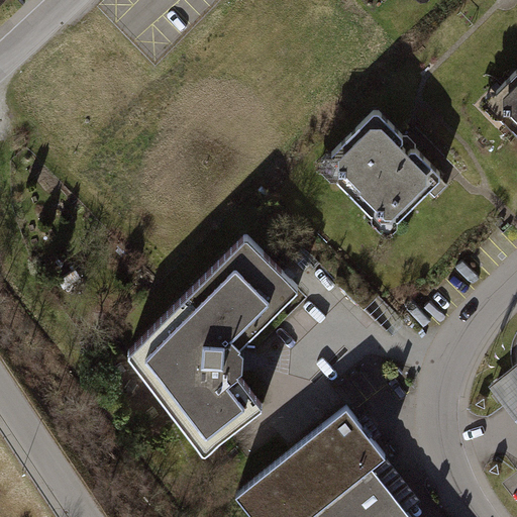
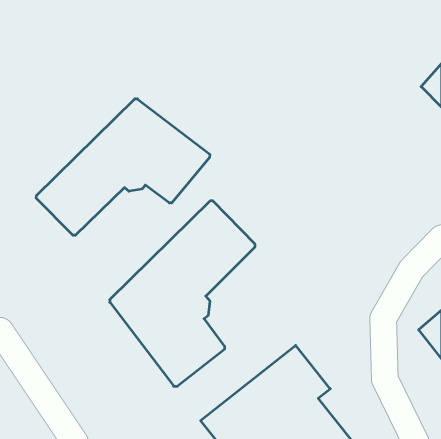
building: none -> [36,99,210,235]
building: [321,120,432,231] -> none

